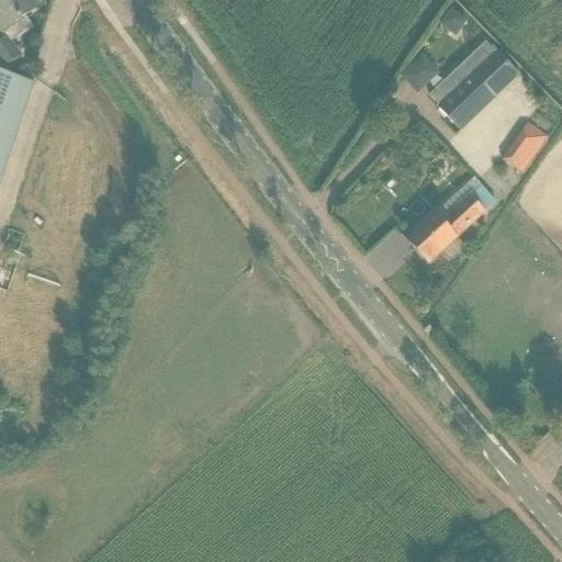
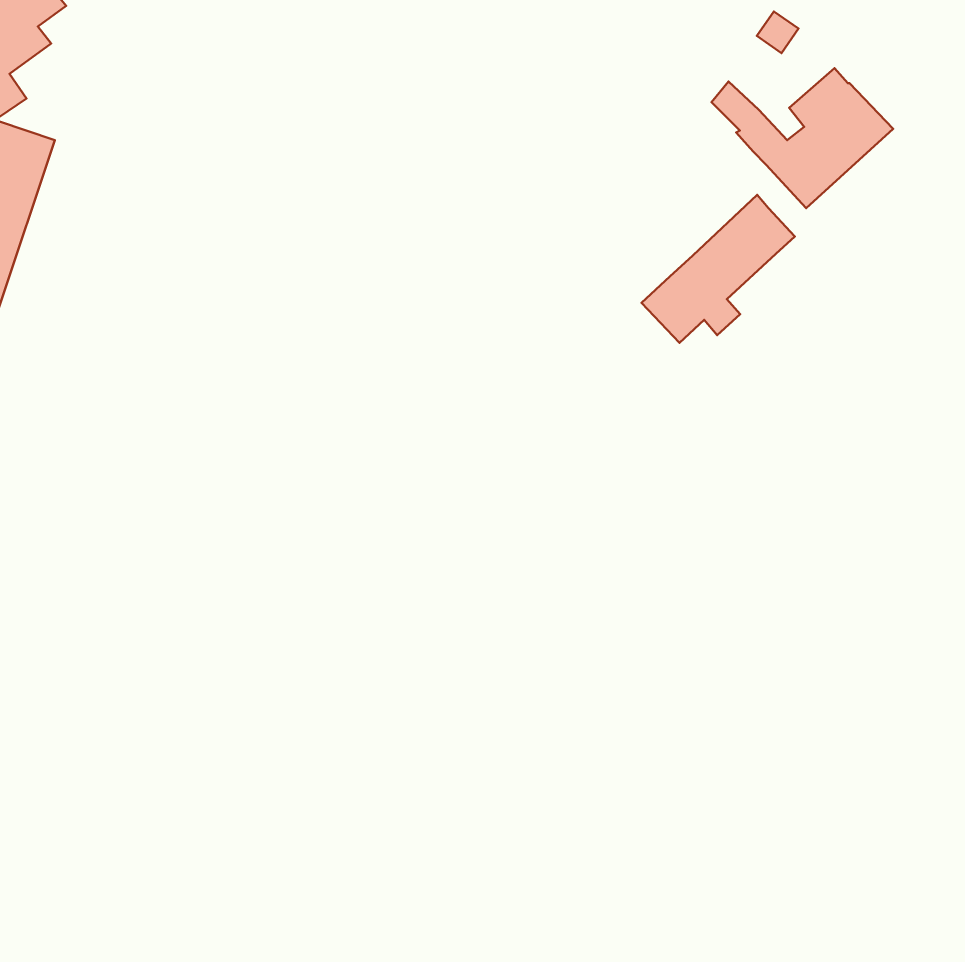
building: [499,127,541,171] -> none
building: [405,177,494,262] -> [642,195,795,343]

